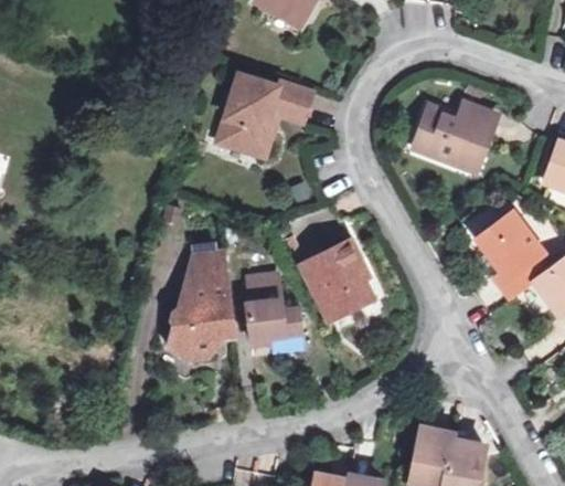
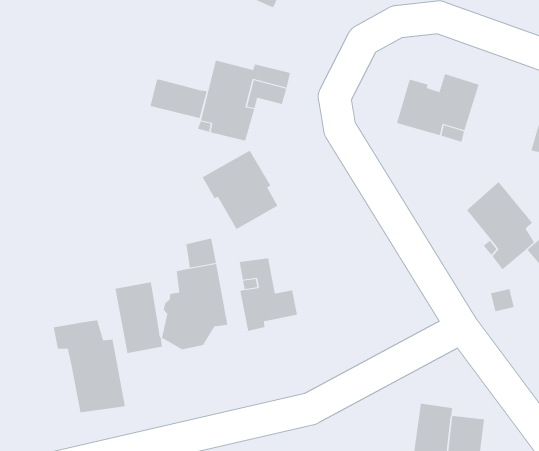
building: none -> [150,79,208,119]
building: [301,241,375,319] -> [202,150,278,230]
building: none -> [115,281,162,354]
building: none -> [53,319,125,413]

